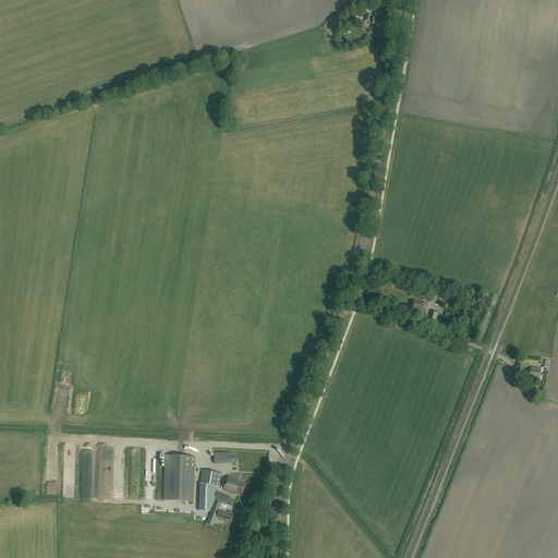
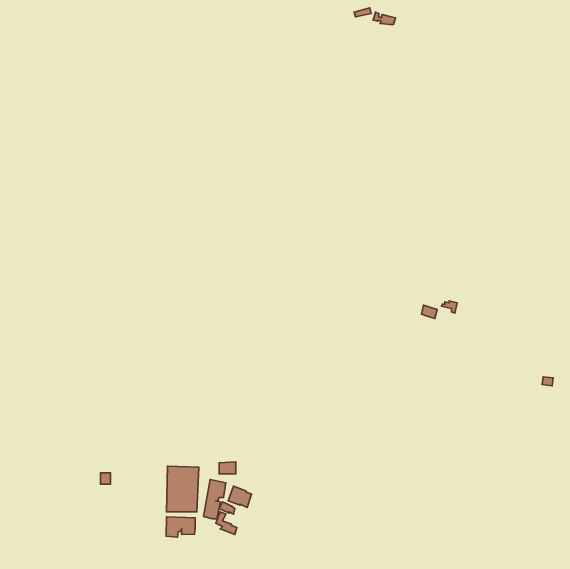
building: none -> [166,517,195,537]

